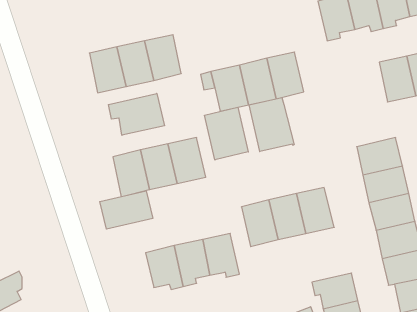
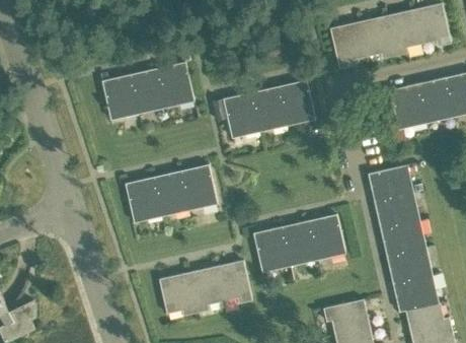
building: [108,93,164,135] -> none
building: [249,98,294,152] -> none
building: [205,107,248,160] -> none
building: [100,191,153,229] -> none

